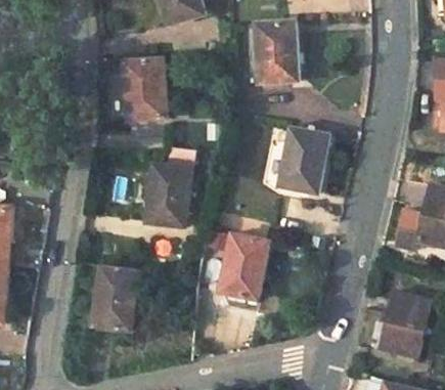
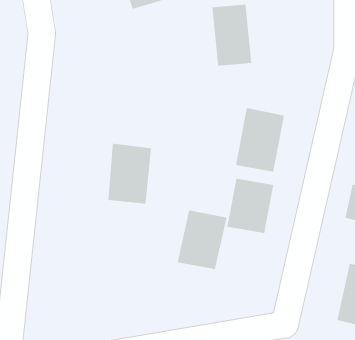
building: [127,62,171,124] -> none
building: none -> [227,178,274,234]
building: [91,266,152,333] -> none

